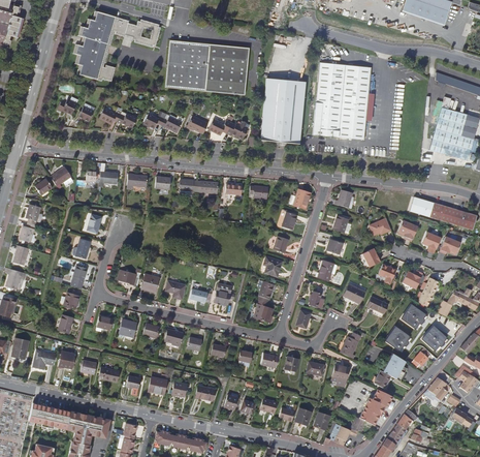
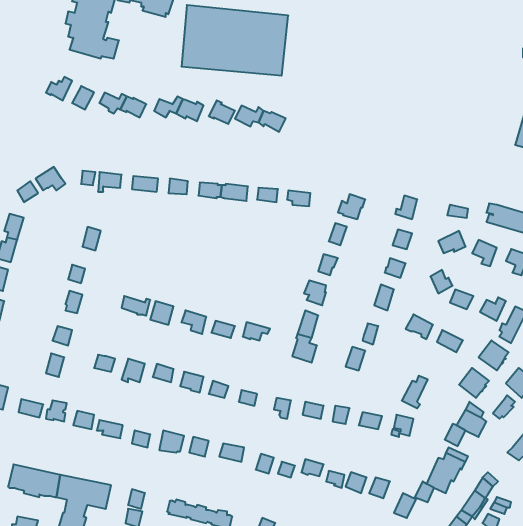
building: [313,62,371,139] -> none
building: [260,78,305,143] -> none

